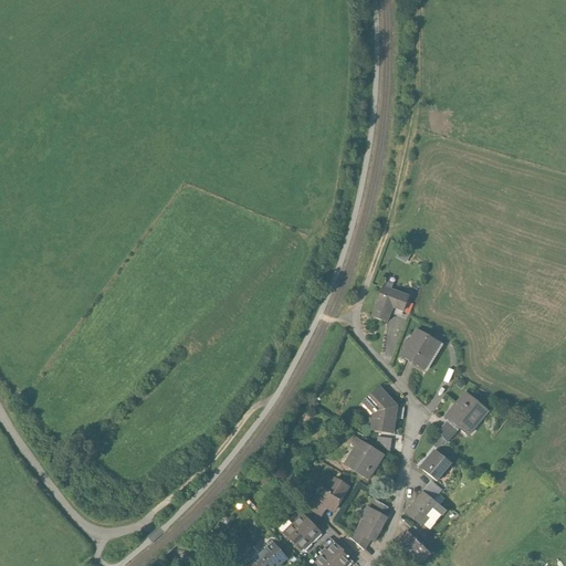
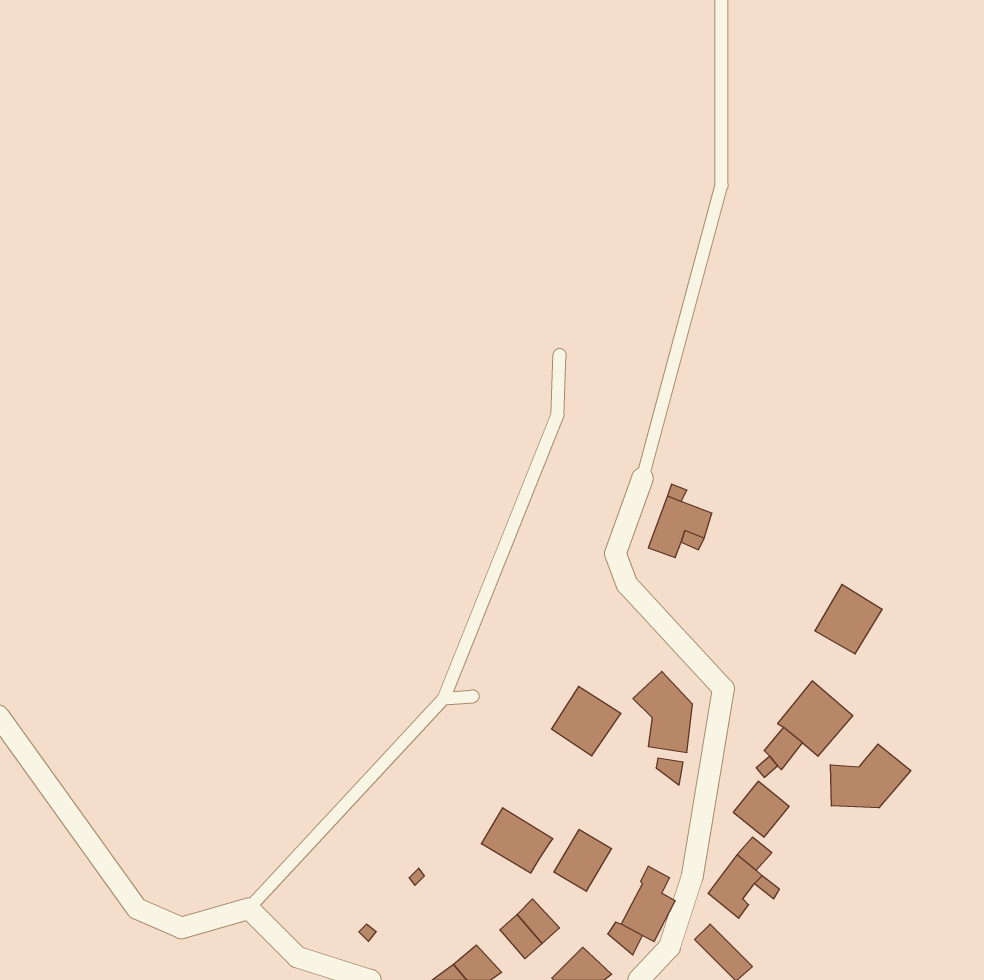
building: [401,327,440,367] -> [815,584,882,654]
building: none -> [831,744,911,808]
building: [345,439,385,479] -> [551,686,621,756]
building: none -> [481,808,553,873]

